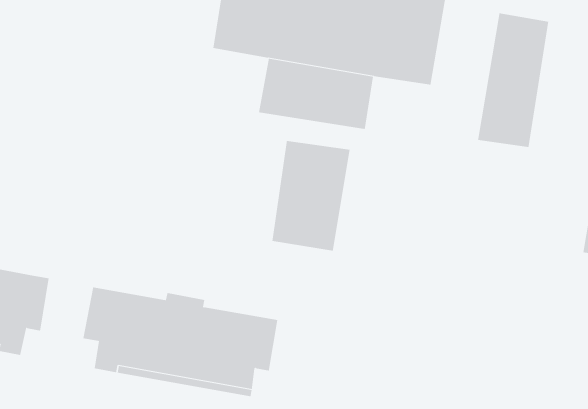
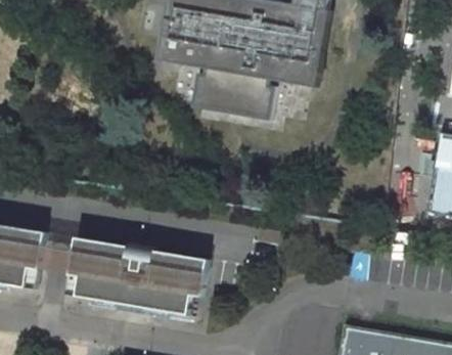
building: [477,13,549,148] -> none
building: [272,140,350,252] -> none

